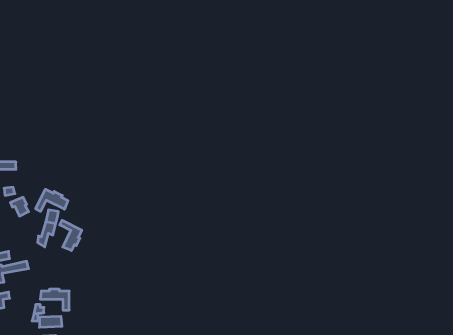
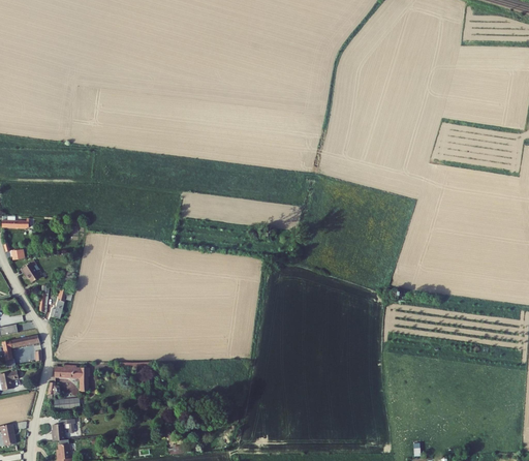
building: [36,189,68,211] -> none
building: [60,220,82,251] -> none

